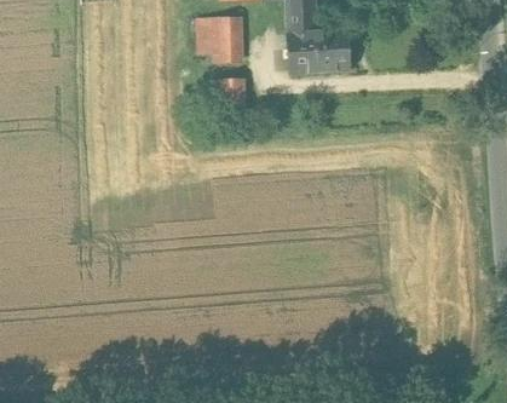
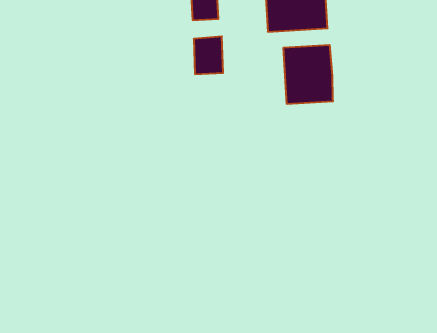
building: none -> [284,45,333,104]

